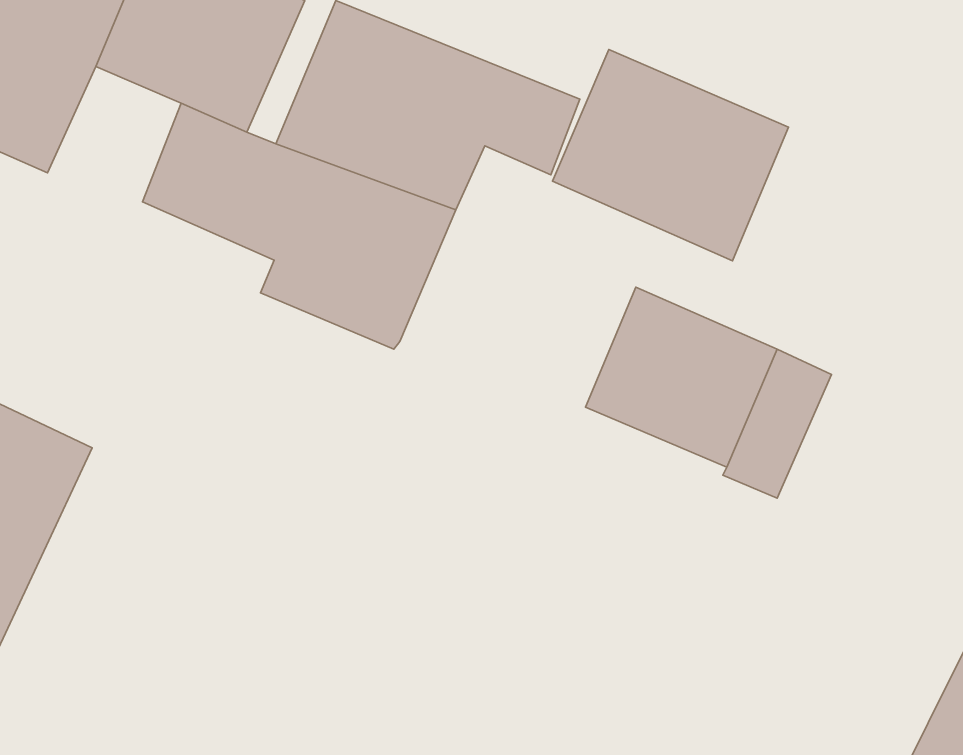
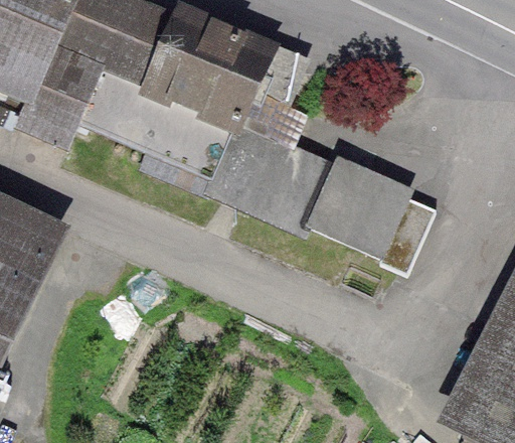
building: [553,50,789,261] -> [214,115,337,225]
building: none -> [22,40,101,138]

